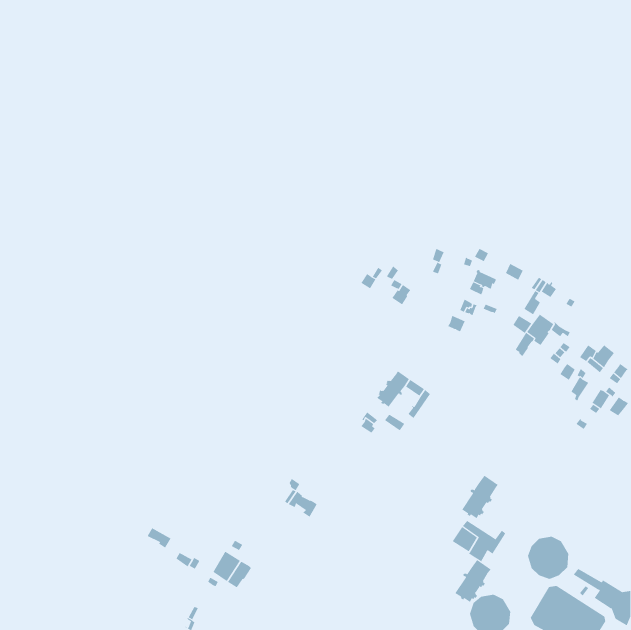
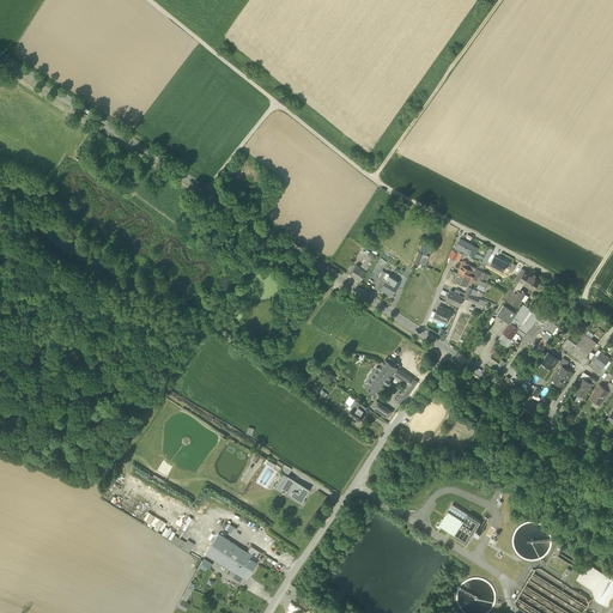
building: [461,475,499,519] -> none
building: [455,559,491,603] -> none
building: none -> [230,547,262,584]

